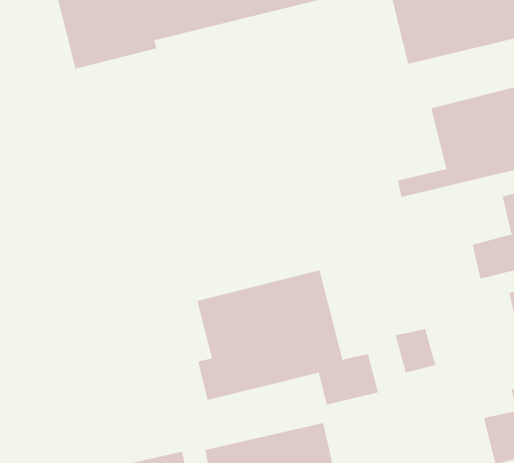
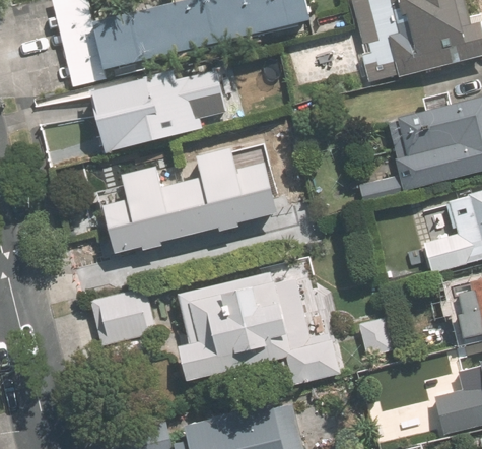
building: none -> [89,68,227,152]
building: none -> [105,145,281,253]
building: none -> [98,287,149,343]

